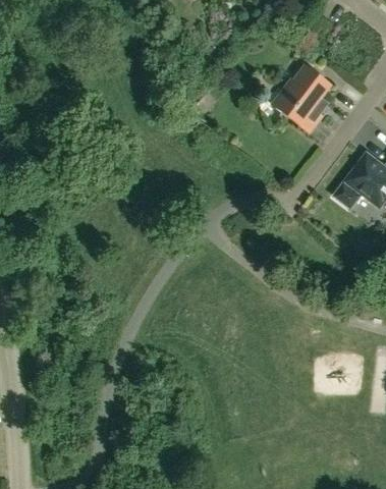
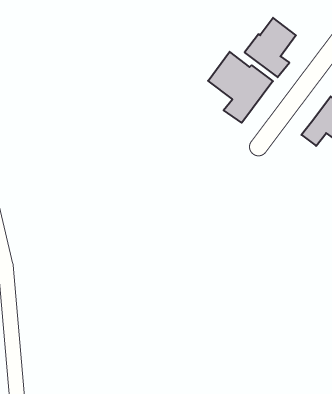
building: none -> [208,52,273,123]

